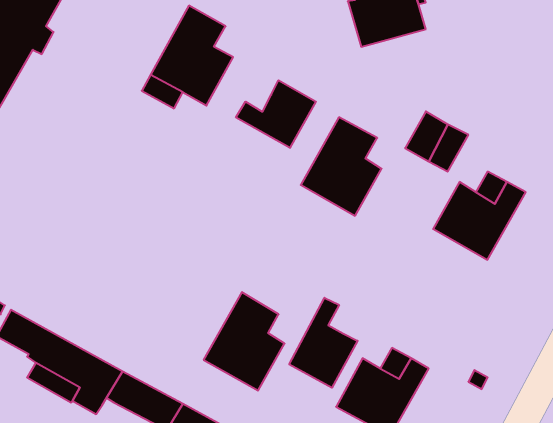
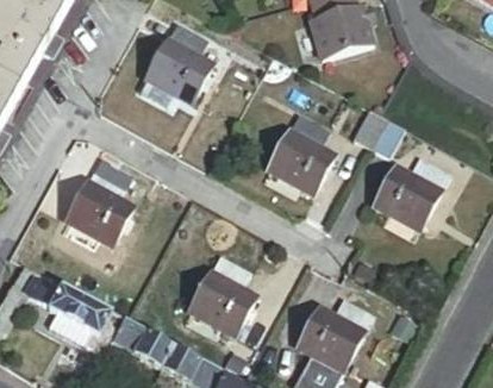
building: [236,80,316,148] -> none
building: none -> [65,167,132,245]
building: [289,298,358,388] -> none

